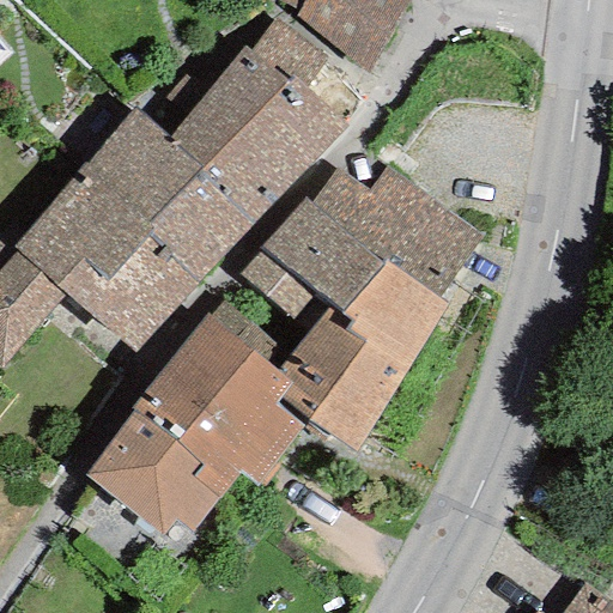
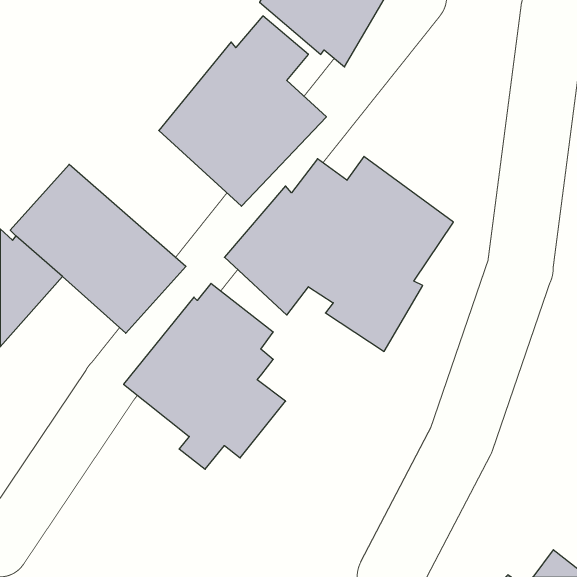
building: [75,107,257,281] -> none
building: [278,303,408,449] -> none
building: [86,406,219,533] -> none

